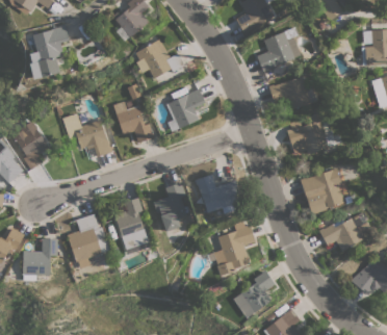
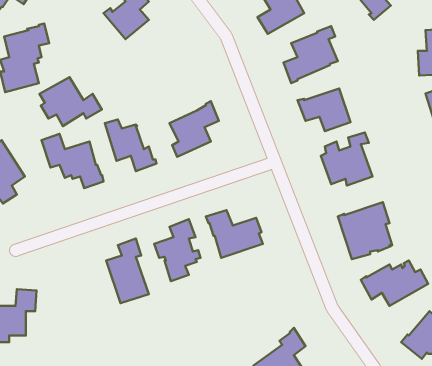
building: [135,38,185,78] -> [40,77,102,126]
building: [67,213,109,268] -> none
building: [213,221,256,275] -> none

